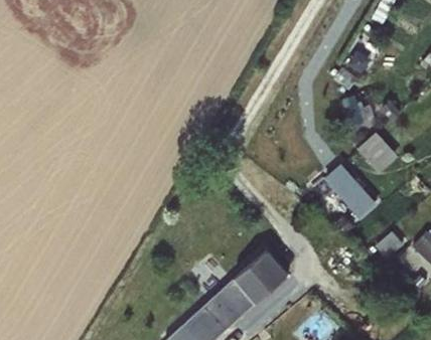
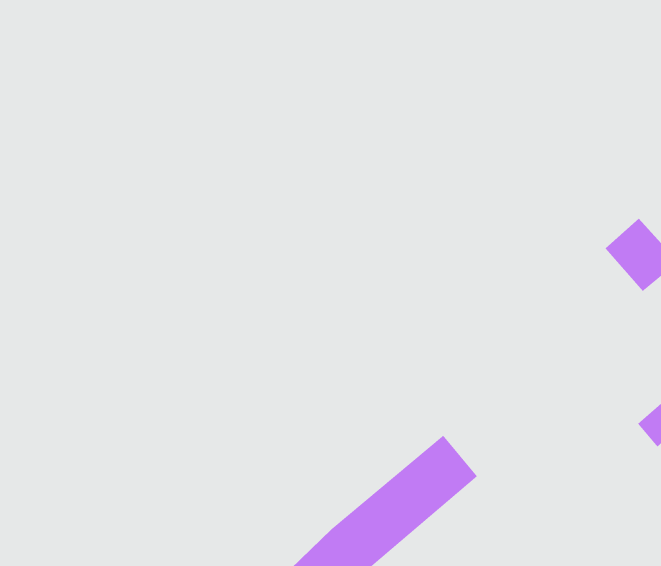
building: [323,163,377,220] -> none

